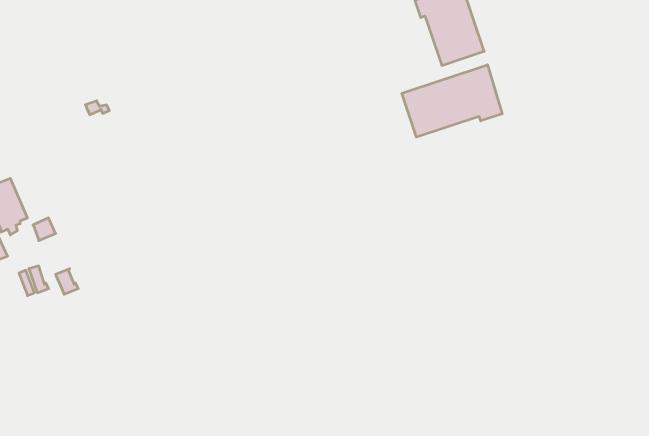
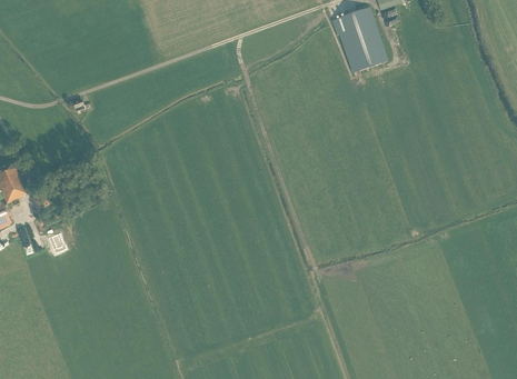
building: [402,65,502,137] -> none

